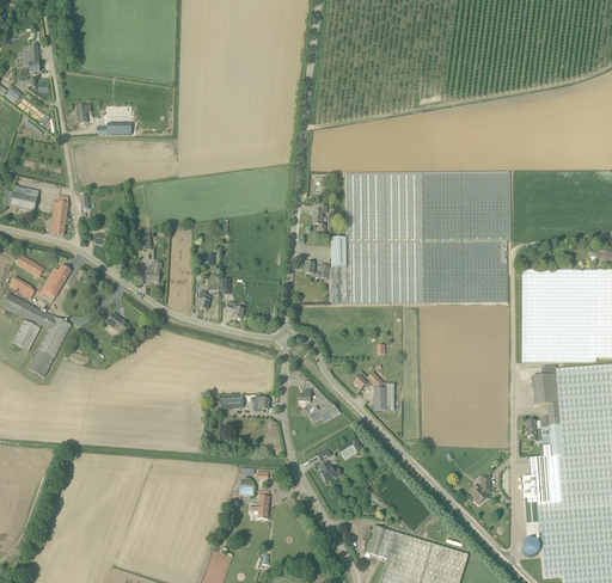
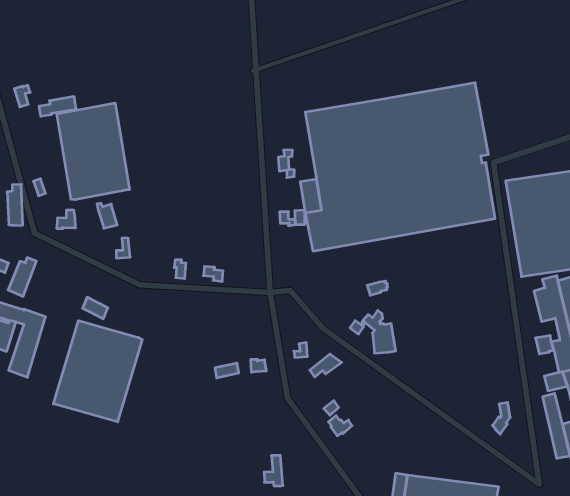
building: none -> [57,103,129,200]
building: none -> [53,321,142,422]

